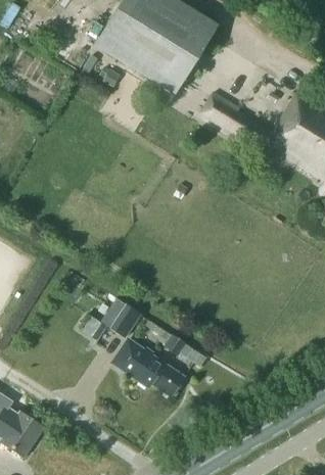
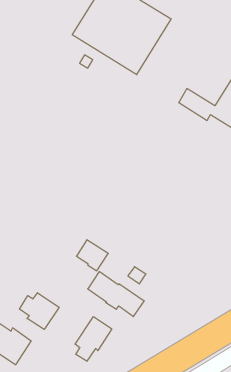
building: none -> [19,293,59,329]
building: none -> [75,317,112,361]

